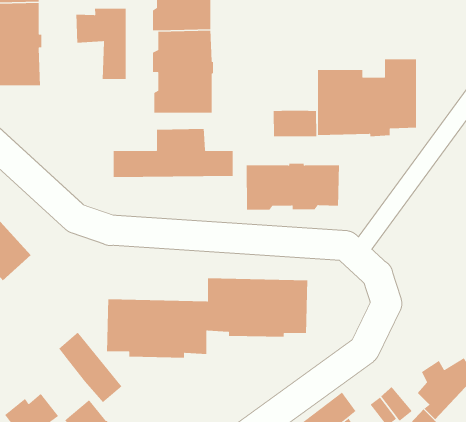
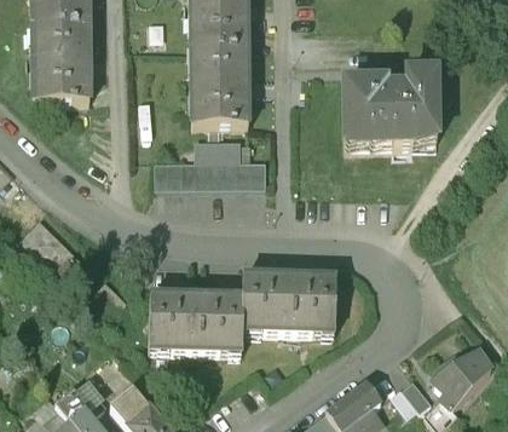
building: [76,8,127,80] -> none
building: [273,110,317,137] -> none
building: [246,163,340,211] -> none
building: [58,332,122,403] -> none

